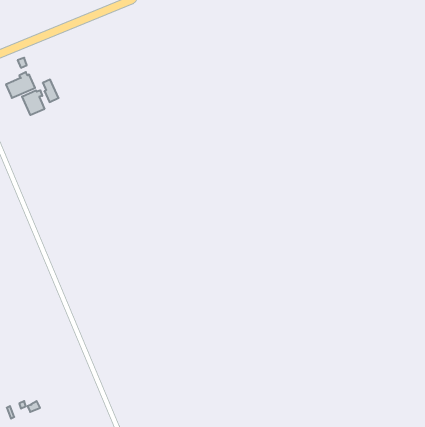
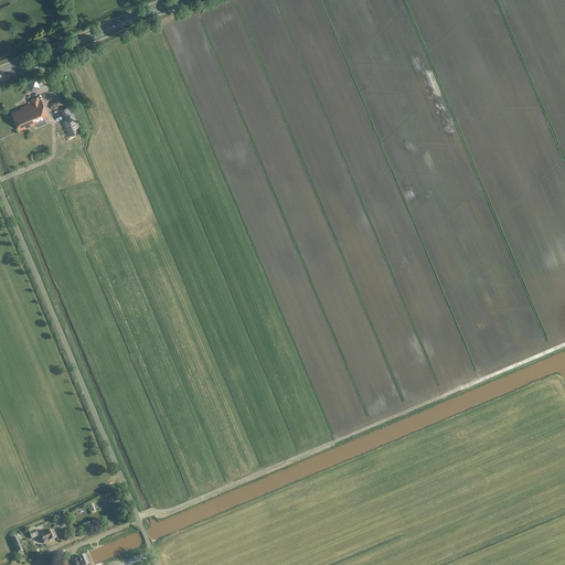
building: [22,90,44,115] -> none

